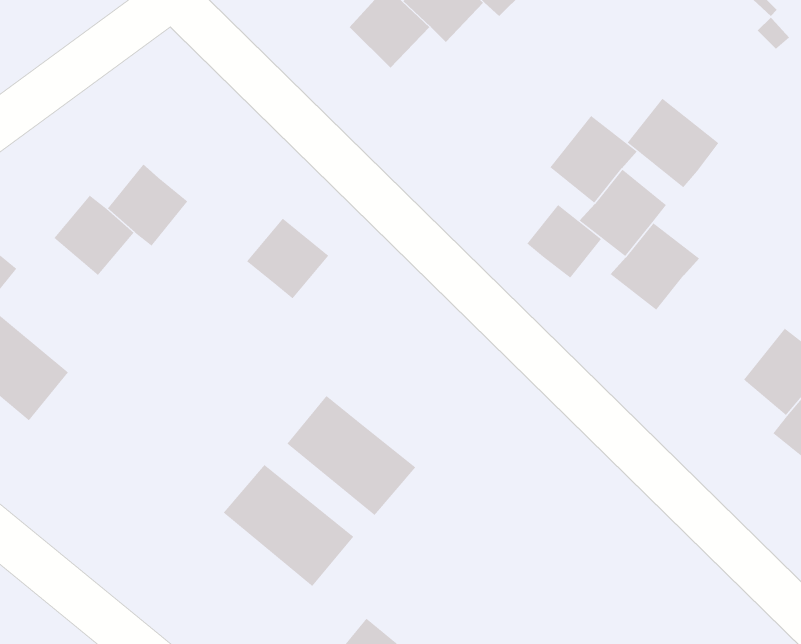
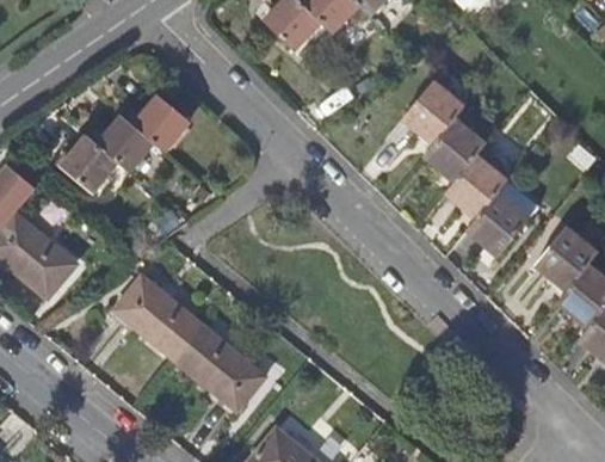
building: [627,98,719,188] -> none
building: [527,204,602,278] -> none
building: [246,218,329,299] -> [134,96,191,152]
building: none -> [467,193,529,255]
building: [287,395,416,516] -> [117,273,206,357]

